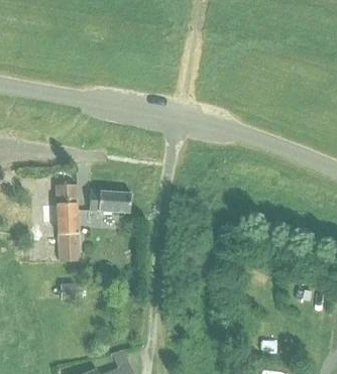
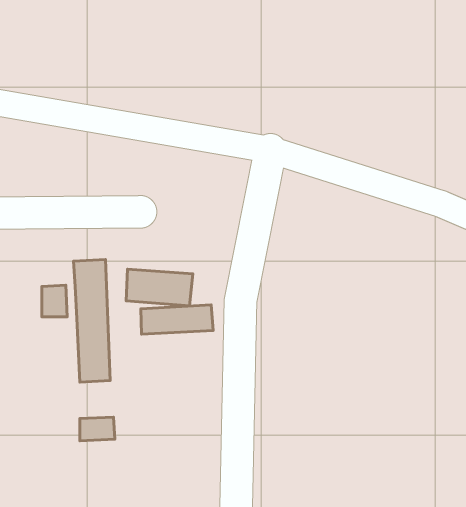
building: none -> [141,305,213,334]

